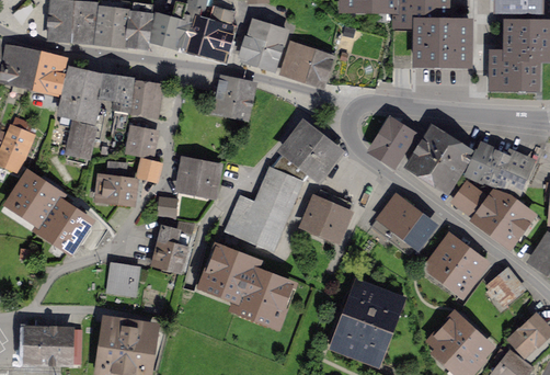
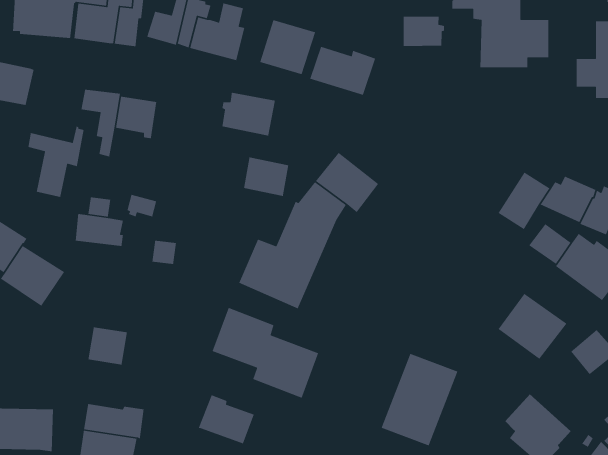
building: none -> [403,16,445,47]
building: [59,71,100,120] -> none
building: [373,122,410,161] -> none
building: [128,128,153,154] -> none
building: [408,129,449,175] -> none
building: [180,161,216,193] -> [243,156,289,197]
building: [302,189,351,241] -> none
building: [371,198,431,254] -> none
building: [148,219,193,270] -> none
building: none -> [197,394,255,445]

